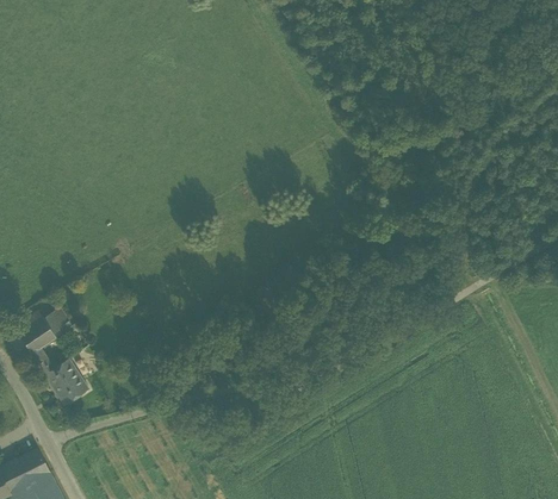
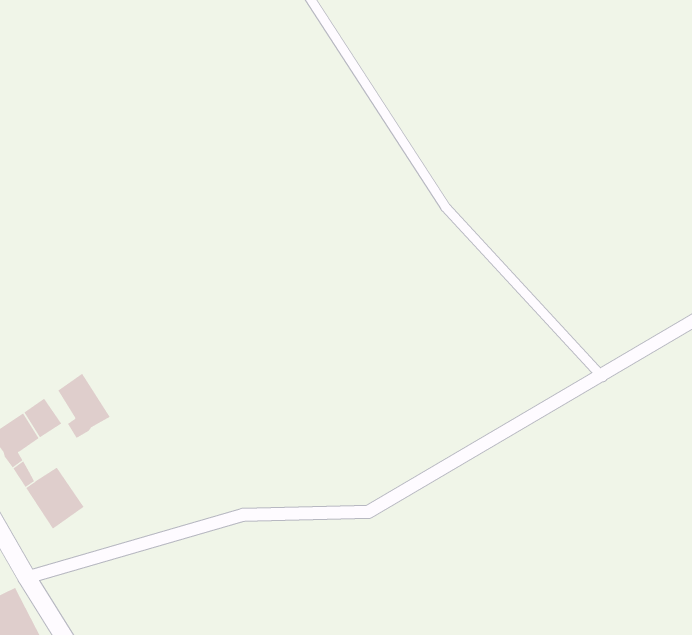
building: none -> [57,373,110,439]

